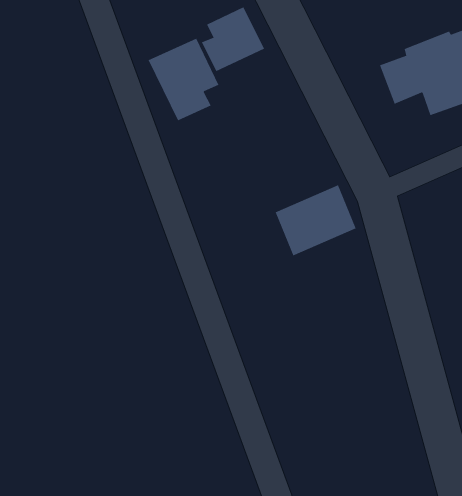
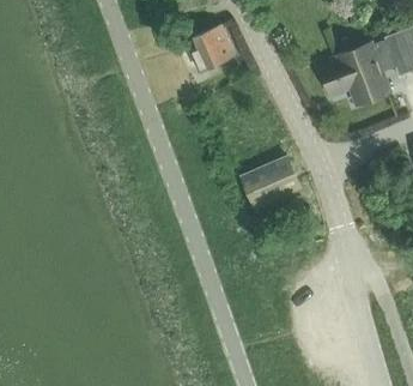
building: [148,38,219,121] -> none

